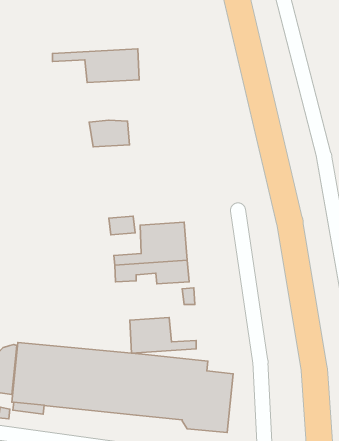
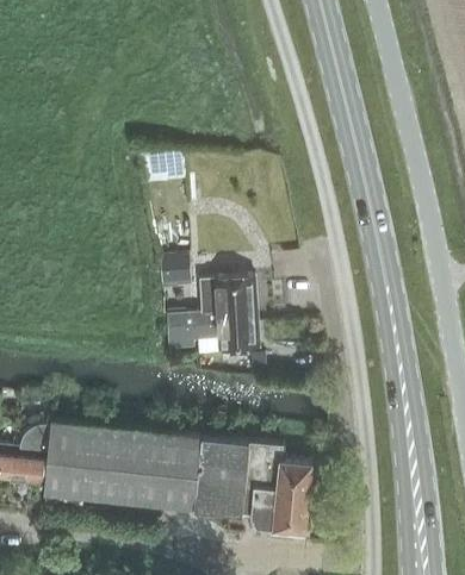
building: [52,49,139,83] -> none
building: [130,317,196,353] -> none

